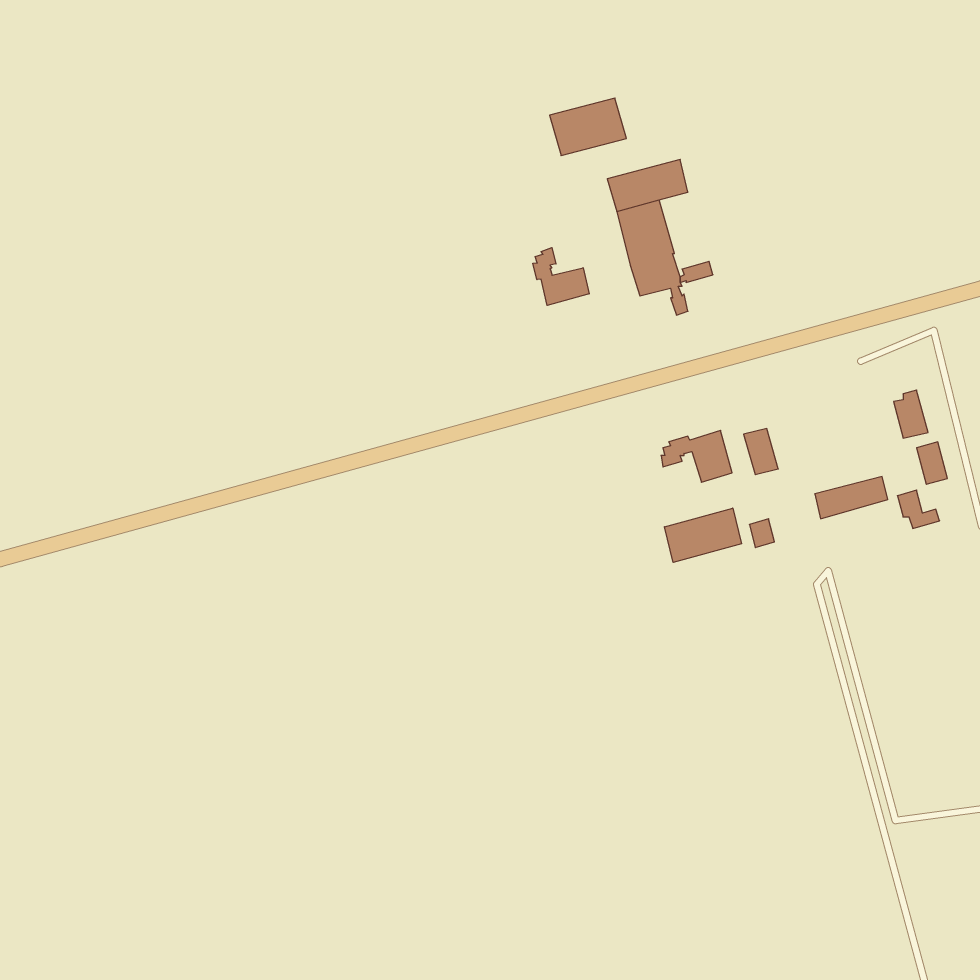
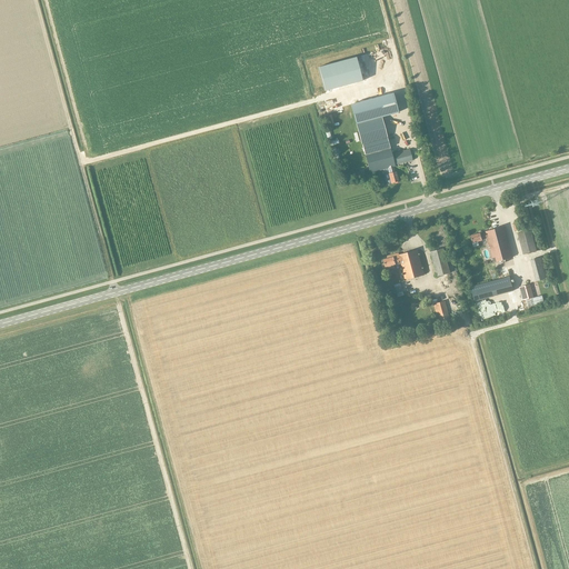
building: [533,248,589,305] -> none
building: none -> [471,226,513,261]
building: [664,508,742,562] -> none

